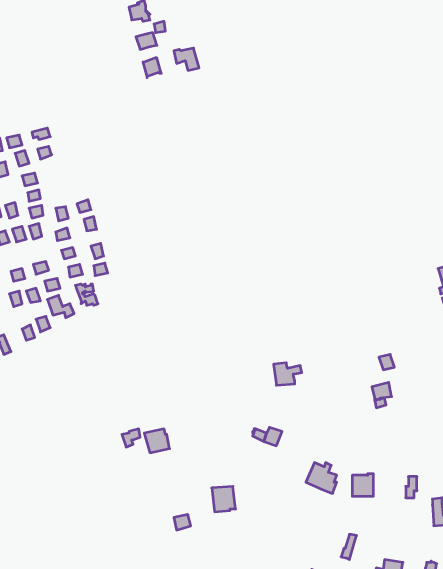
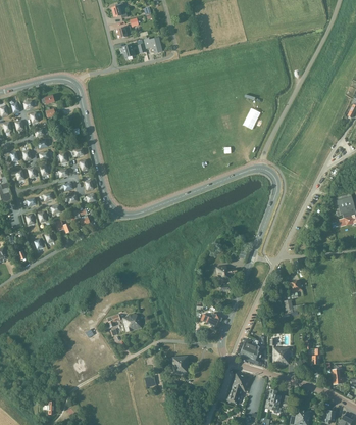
building: none -> [228,373,251,404]

